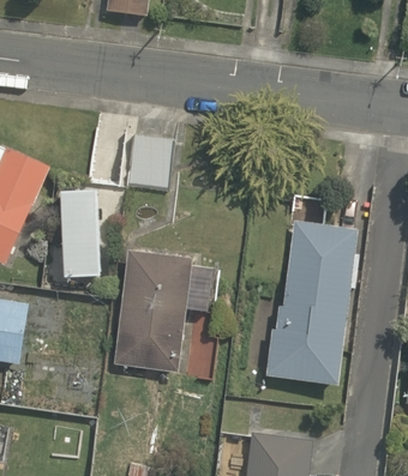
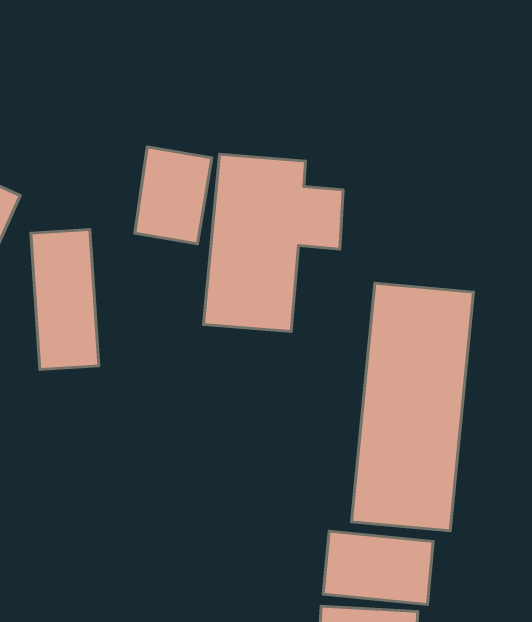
building: [118,251,211,369] -> [203,154,343,332]
building: none -> [323,531,433,604]

